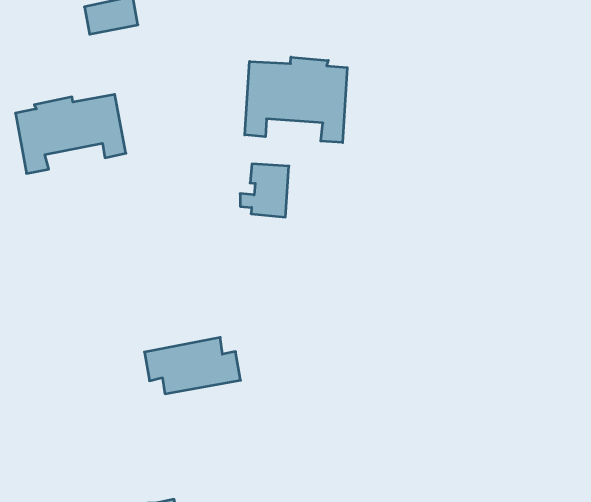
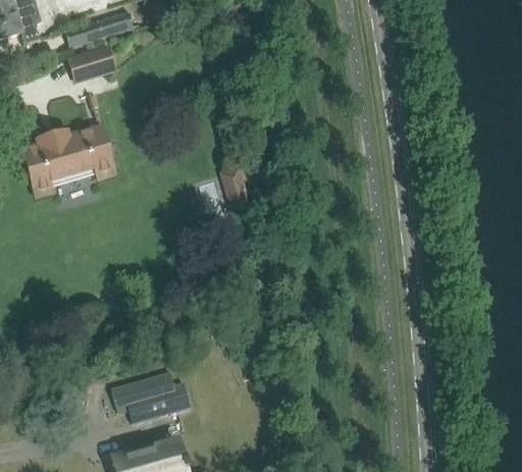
building: [245,57,347,143] -> none
building: [144,337,241,394] -> [111,372,190,421]

